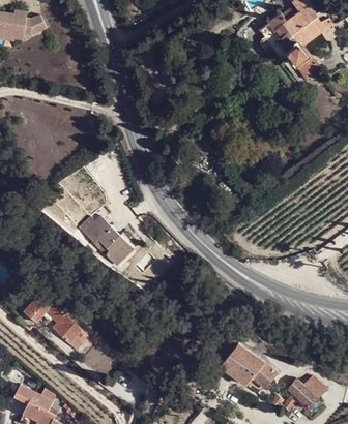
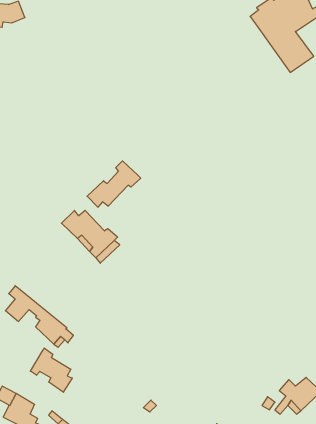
building: none -> [87,161,141,207]
building: [219,342,277,393] -> none
building: none -> [30,348,72,392]

